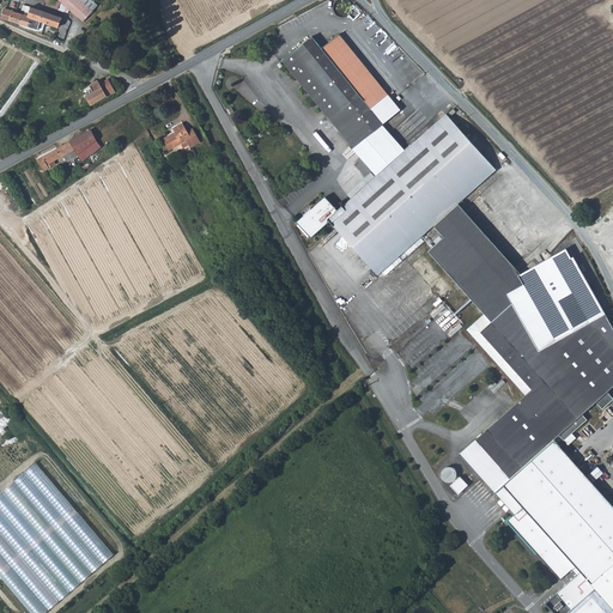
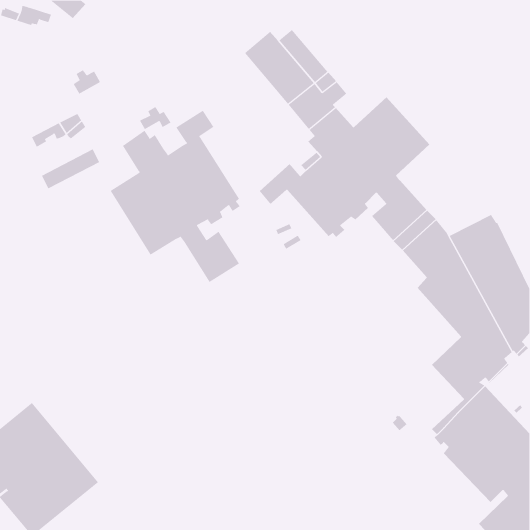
building: none -> [110,110,240,283]
building: none -> [41,149,100,189]
building: [460,421,534,496] -> none

